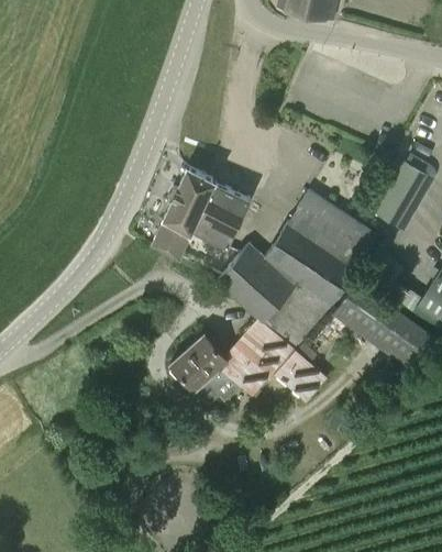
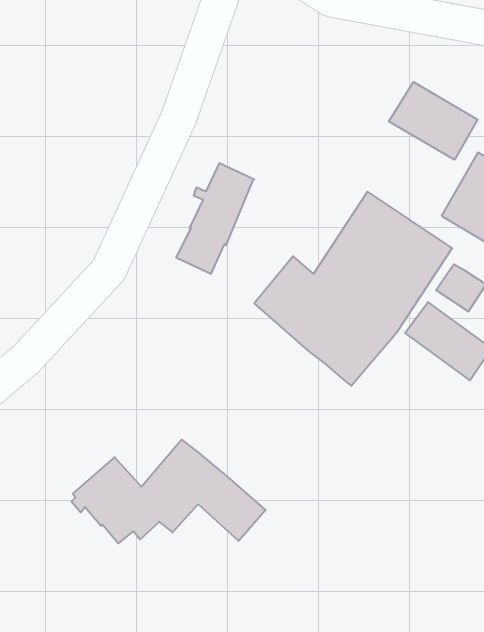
building: none -> [389,82,478,160]
building: [192,181,250,247] -> none
building: [168,320,327,405] -> [71,440,266,543]

